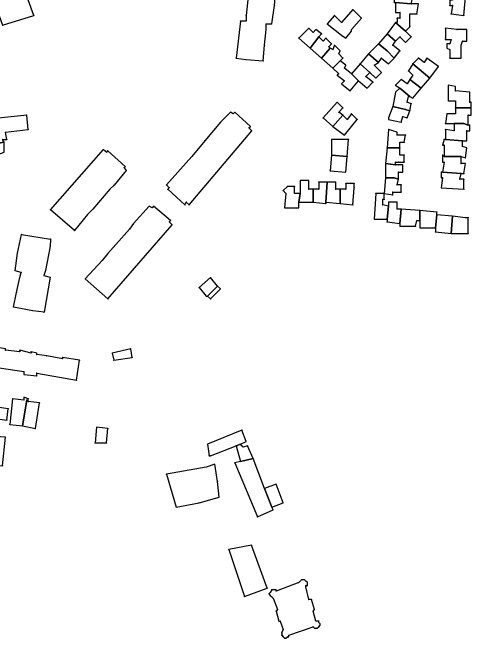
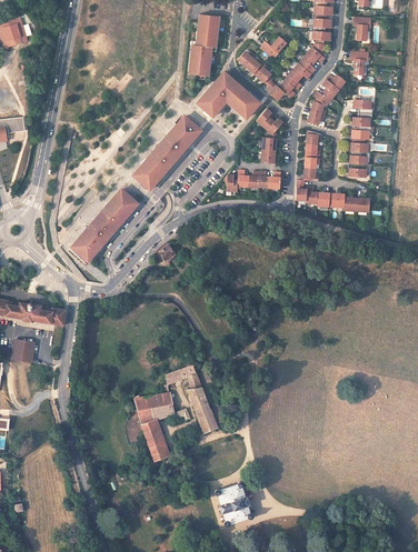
building: none -> [197,71,259,118]
building: [50,150,126,231] -> none
building: [14,234,51,312] -> none
building: [229,545,267,597] -> [141,421,171,461]

